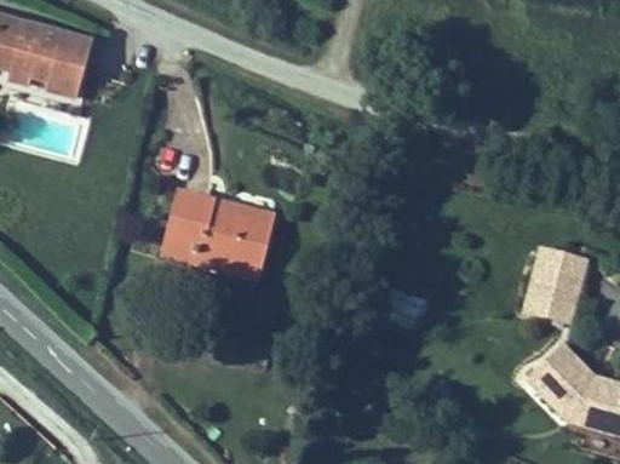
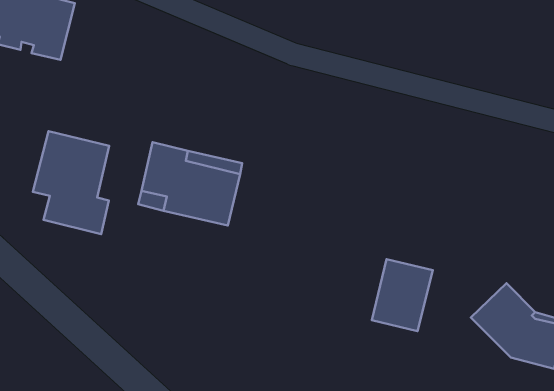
building: none -> [33,131,109,234]
building: [522,245,589,323] -> [372,259,433,331]

